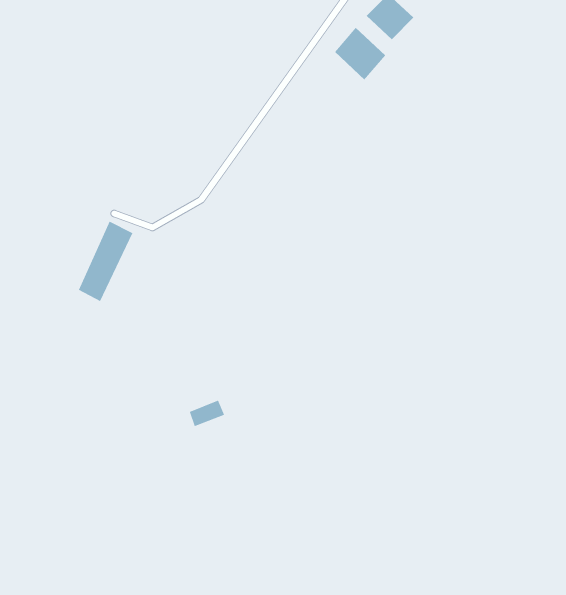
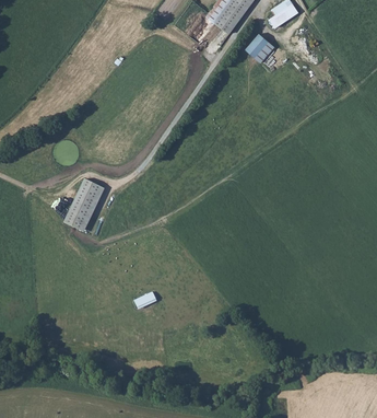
building: [334,27,386,80] -> none

